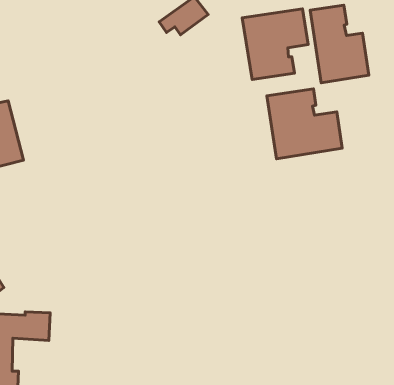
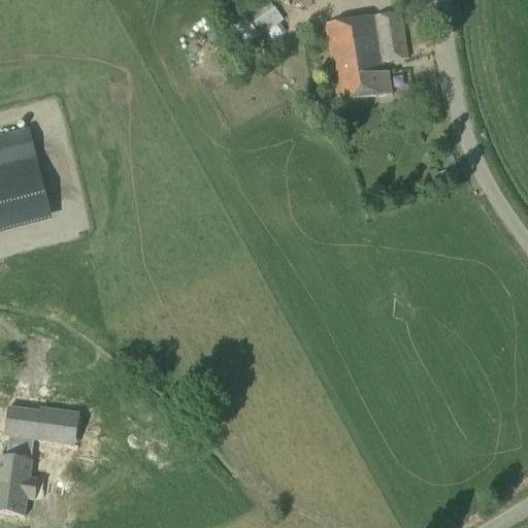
building: [310,5,369,83] -> none
building: [267,89,342,159] -> none

